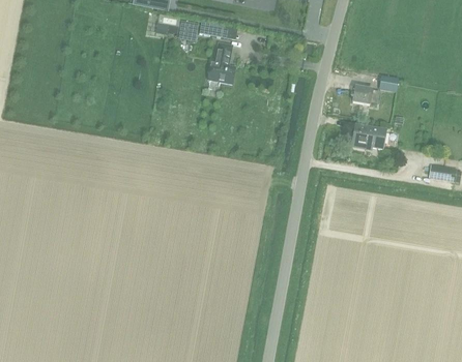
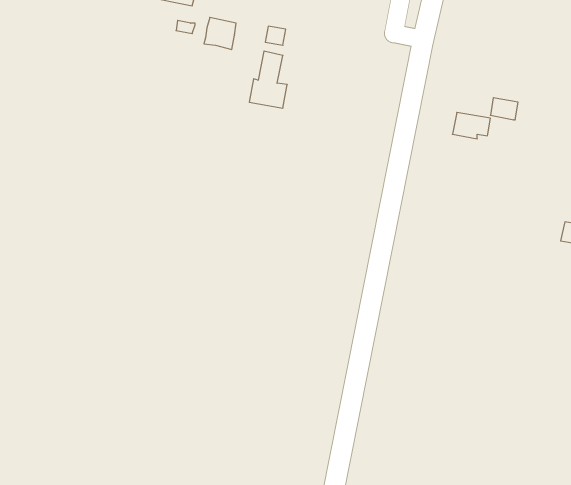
building: [349,122,385,149] -> none

